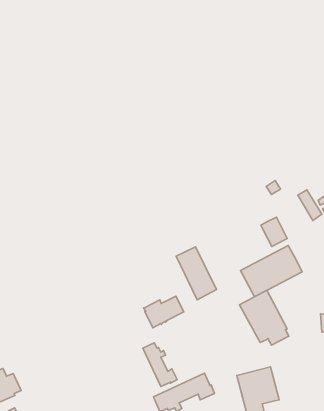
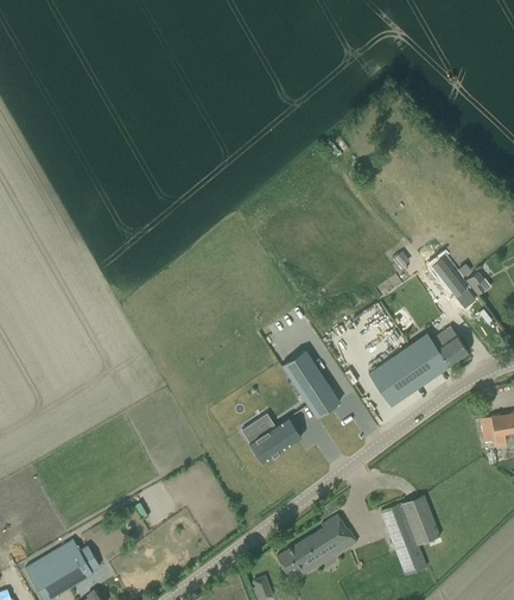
building: [261,217,287,247] -> [432,327,469,366]
building: [239,290,289,345] -> none
building: [143,343,177,387] -> none

